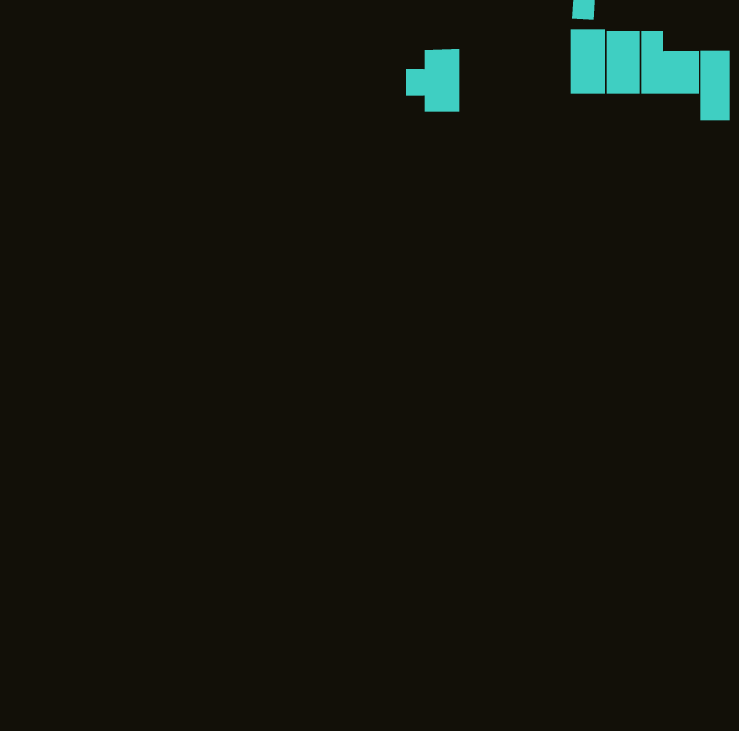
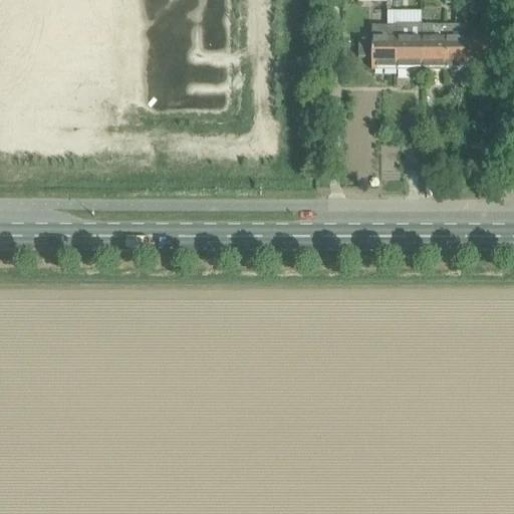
building: [405,48,460,112] -> [357,21,396,65]
building: [700,50,730,121] -> none

